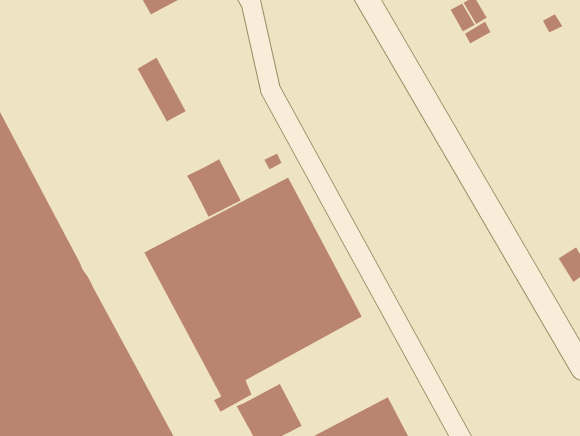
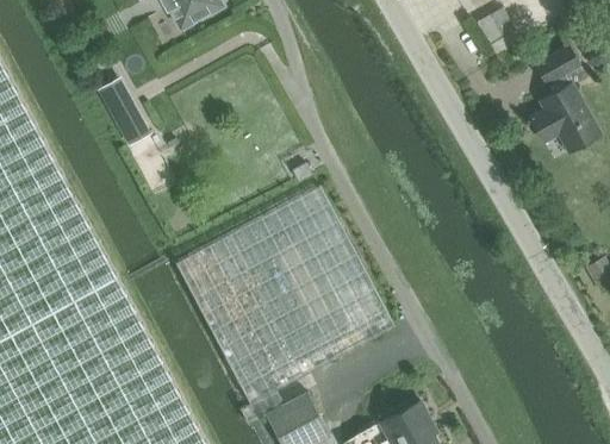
building: none -> [529,46,598,151]
building: [136,56,187,122] -> [99,77,149,143]
building: [186,158,242,218] -> none

